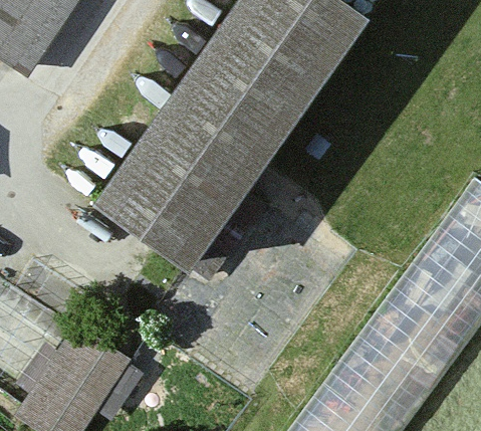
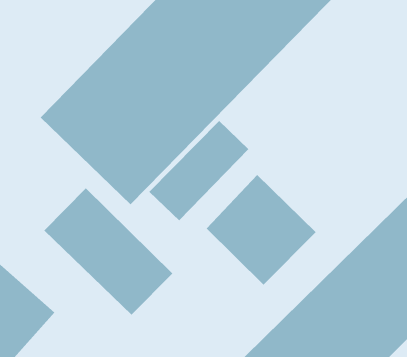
building: none -> [206,174,316,285]
building: none -> [43,187,173,316]

